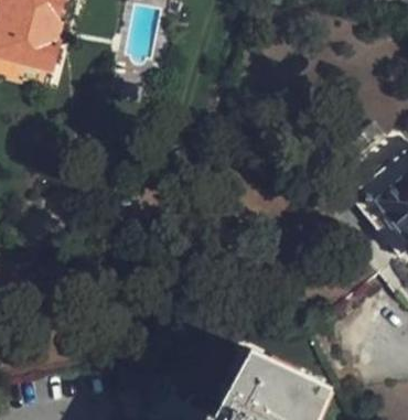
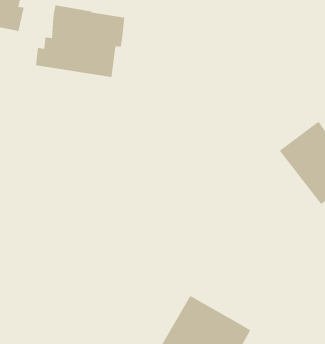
building: none -> [35,5,125,78]

